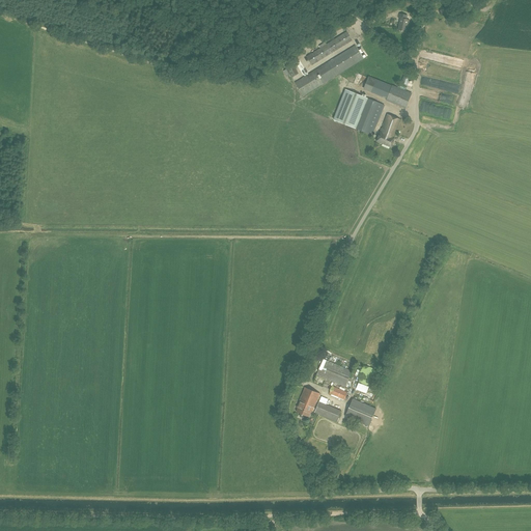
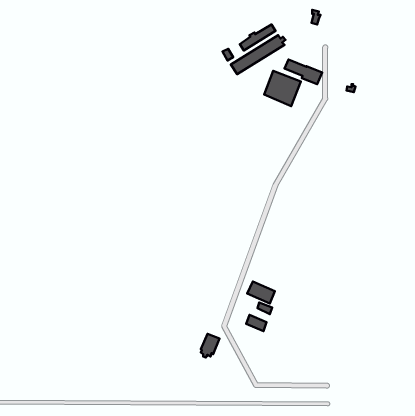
building: [374,114,398,146] -> none
building: [295,387,318,417] -> [201,334,220,357]
building: [343,397,374,425] -> none

